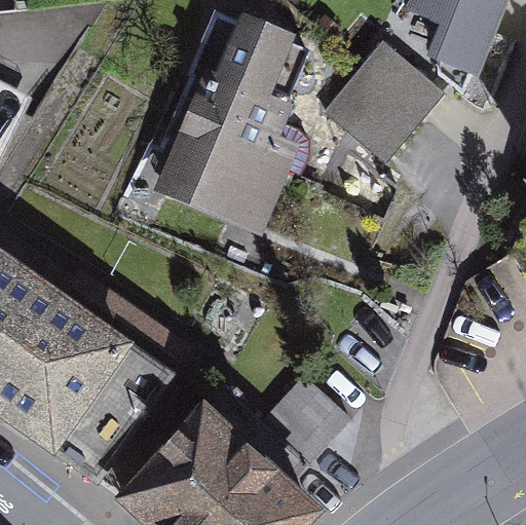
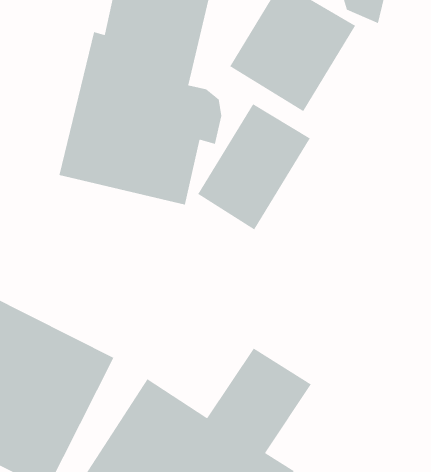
building: none -> [197,103,311,231]

